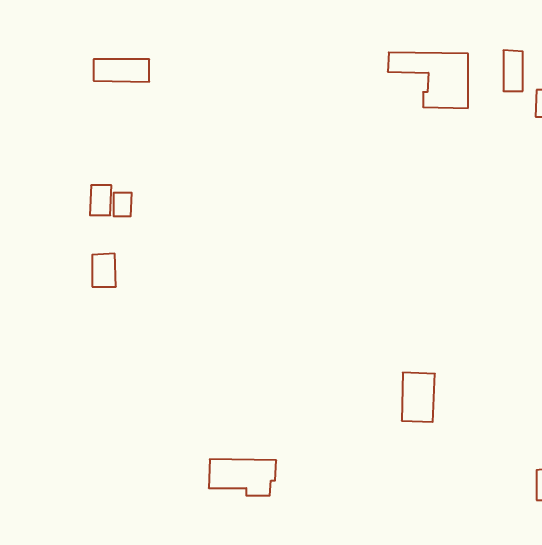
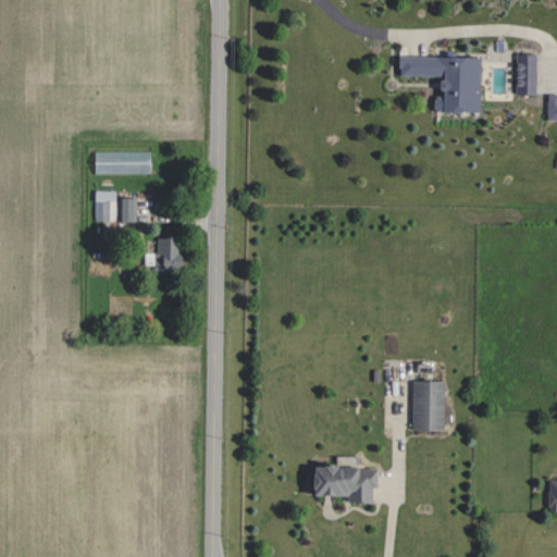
building: [94,59,149,82] -> [96,152,152,175]
building: [92,254,116,287] -> [158,237,182,271]
building: [209,459,276,496] -> [309,466,377,503]

